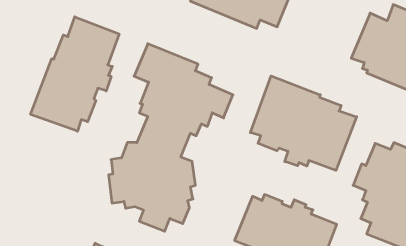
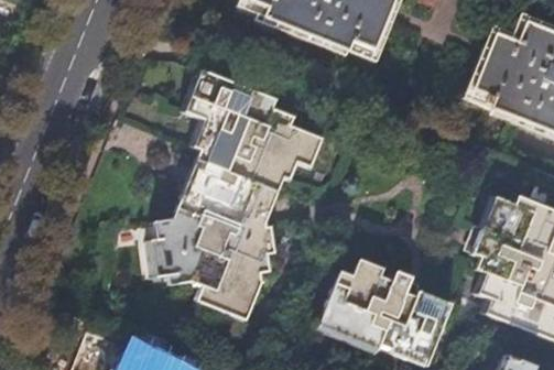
building: [31,17,119,131] -> none
building: [250,76,357,170] -> none

